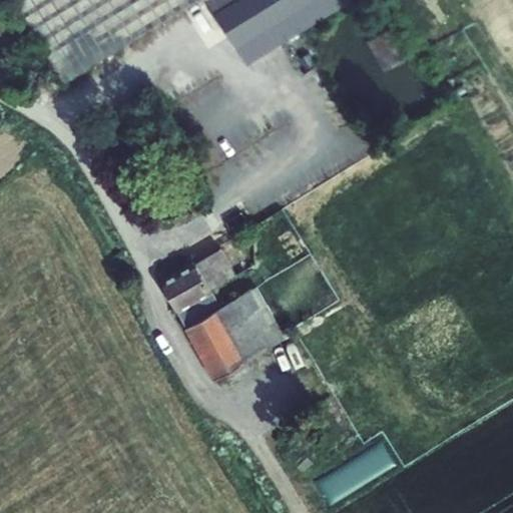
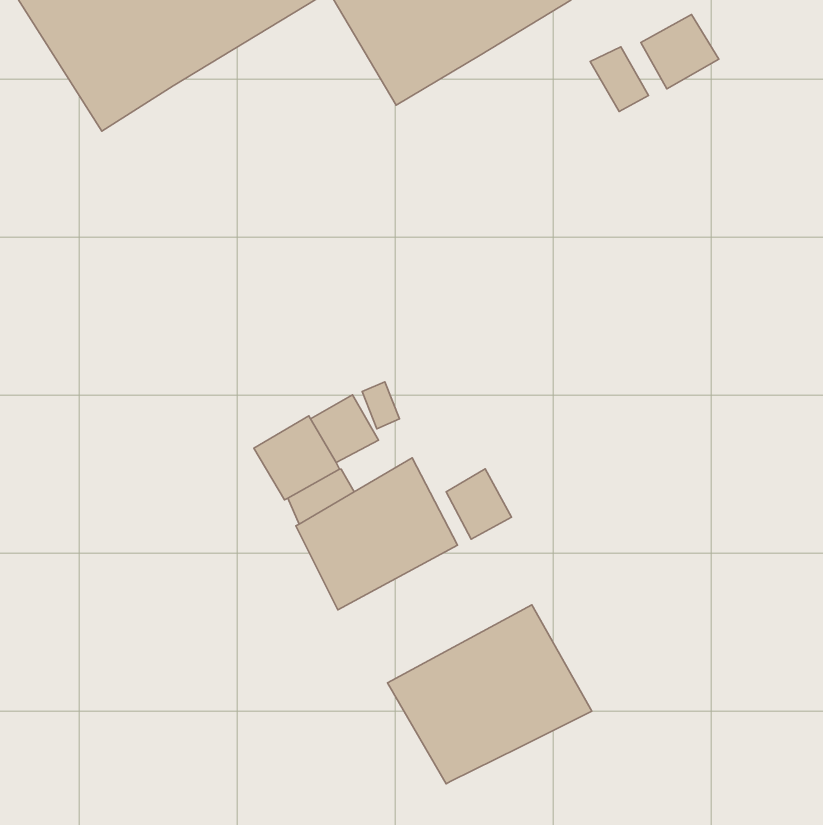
building: none -> [641,14,719,89]
building: none -> [446,469,512,539]
building: none -> [388,605,592,784]

